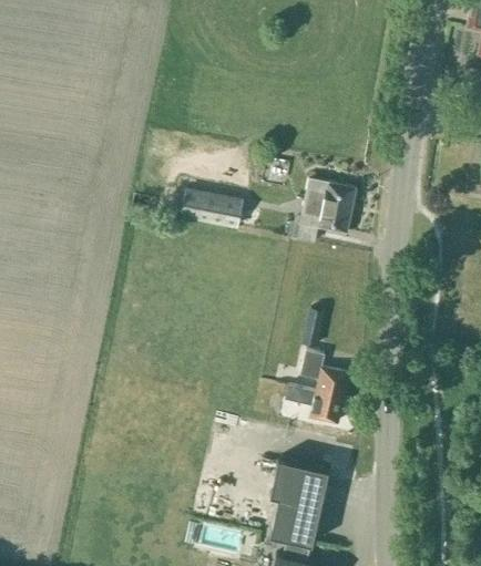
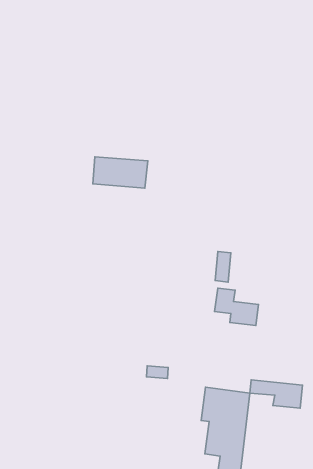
building: [301,179,357,234] -> none
building: [284,385,344,423] -> [250,380,302,408]

